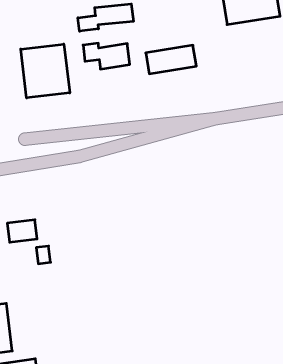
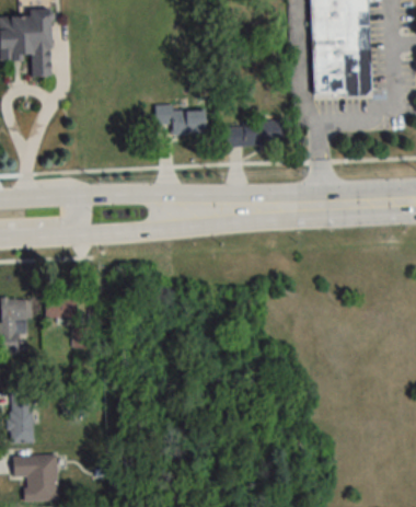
building: [78,4,133,31] -> none
building: [21,44,70,98] -> none

